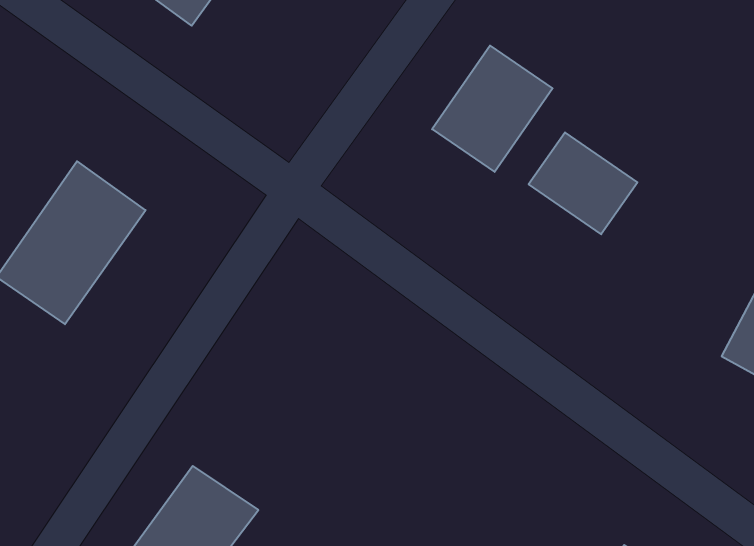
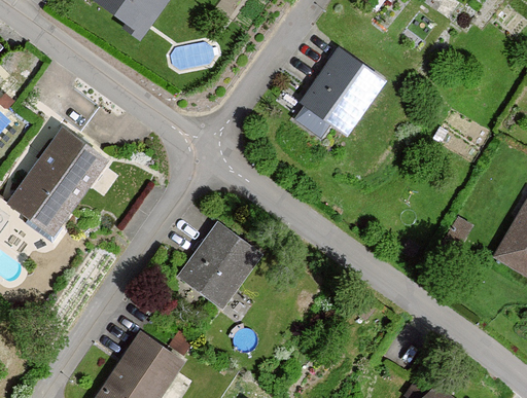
building: [529,132,637,234] -> none
building: none -> [176,222,259,309]

